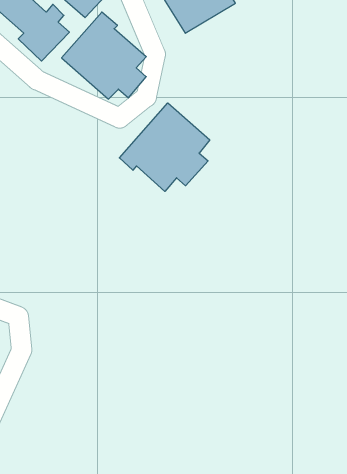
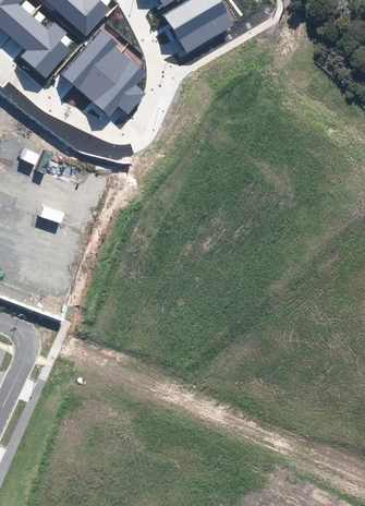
building: [119,103,210,191] -> none

